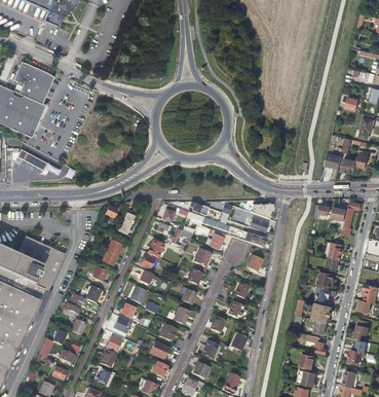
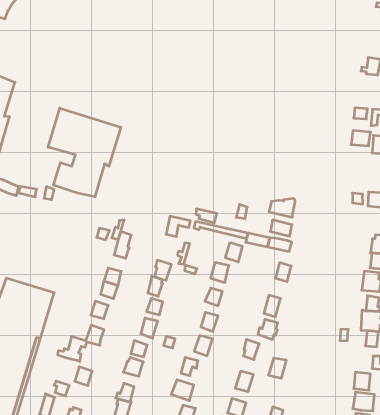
building: none -> [48,108,121,197]

